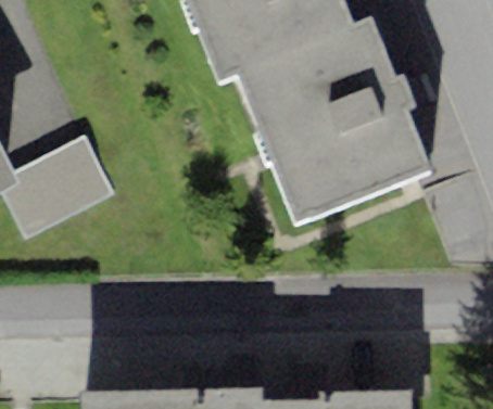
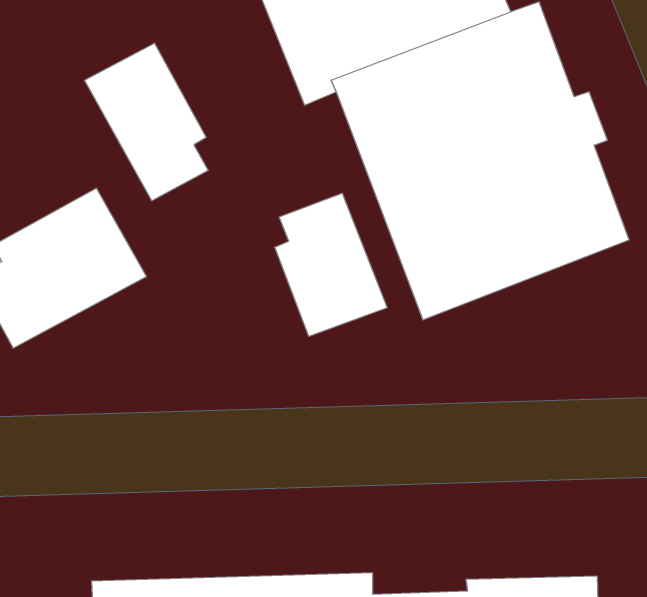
building: none -> [85,43,208,201]
building: none -> [275,193,387,336]

